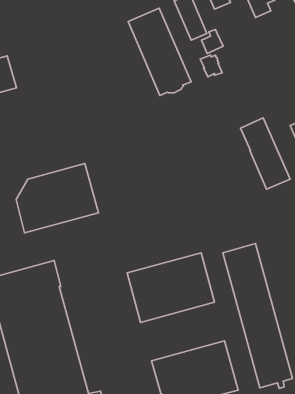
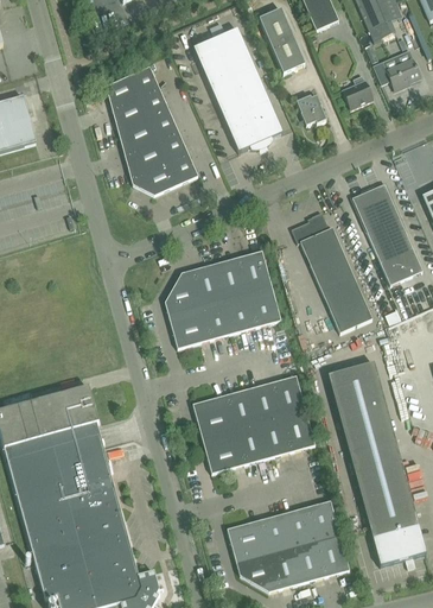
building: none -> [386,49,420,88]
building: [201,29,223,54] -> [342,74,372,108]
building: none -> [106,65,198,195]
building: none -> [291,210,372,331]
building: [16,163,98,233] -> [165,249,281,348]

